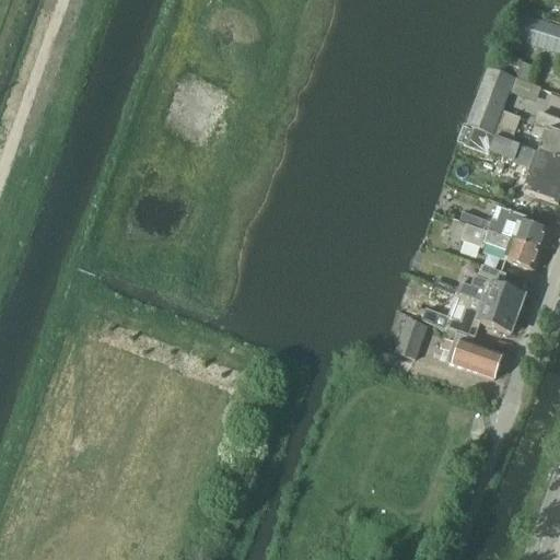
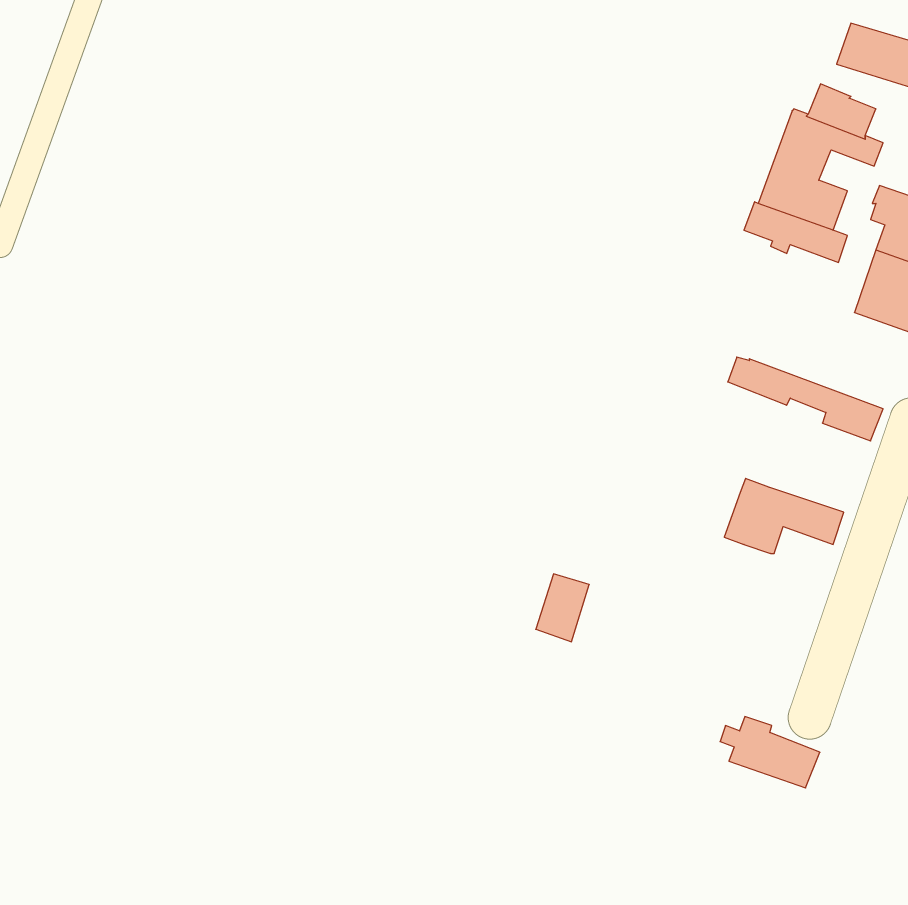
building: [462,207,550,250] -> none
building: [435,265,526,314] -> none
building: [396,319,429,361] -> [536,574,589,642]
building: [443,334,504,377] -> [720,717,820,788]

